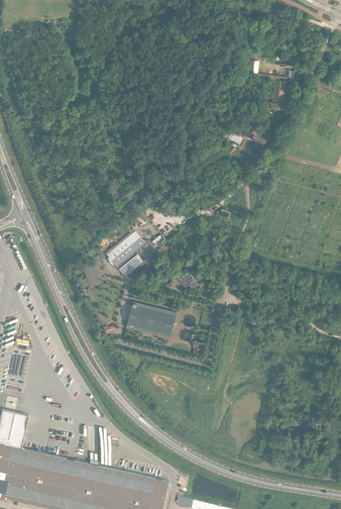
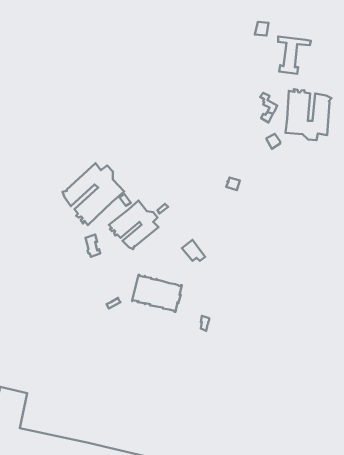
building: none -> [286,89,331,140]
building: none -> [63,163,124,225]

